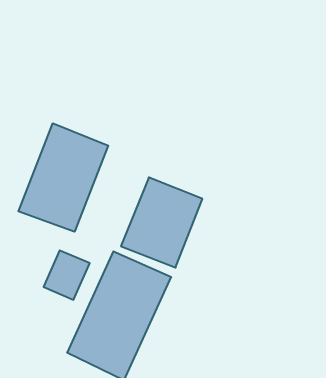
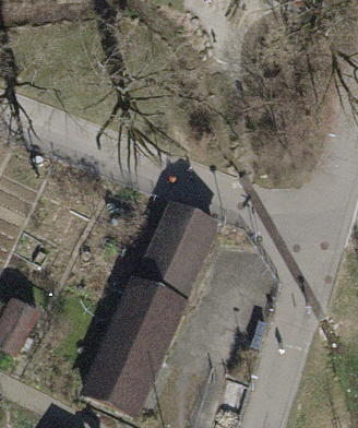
building: [18,123,108,232] -> none

